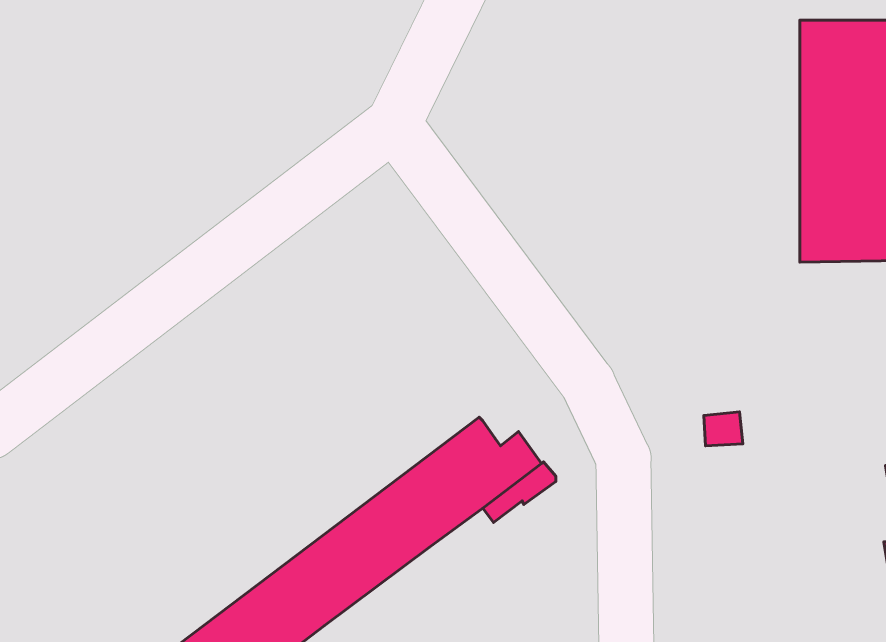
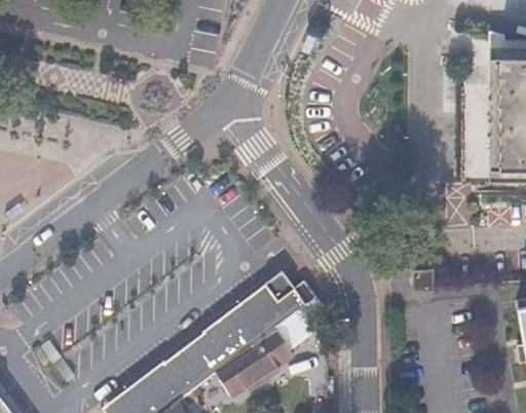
building: none -> [223,328,297,393]

